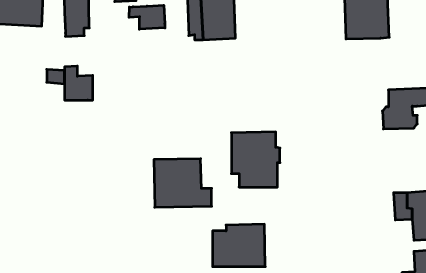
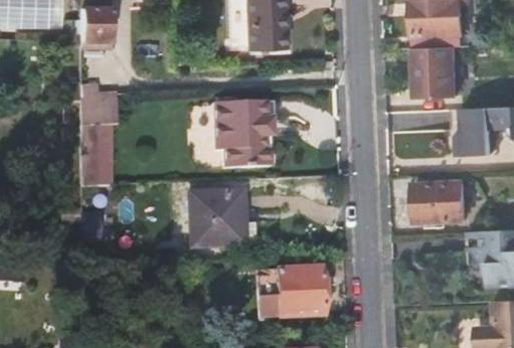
building: [129,5,165,29] -> none
building: none -> [415,47,459,99]
building: none -> [82,121,110,183]
building: [231,132,280,187] -> [216,102,274,167]
building: none -> [415,179,468,222]

